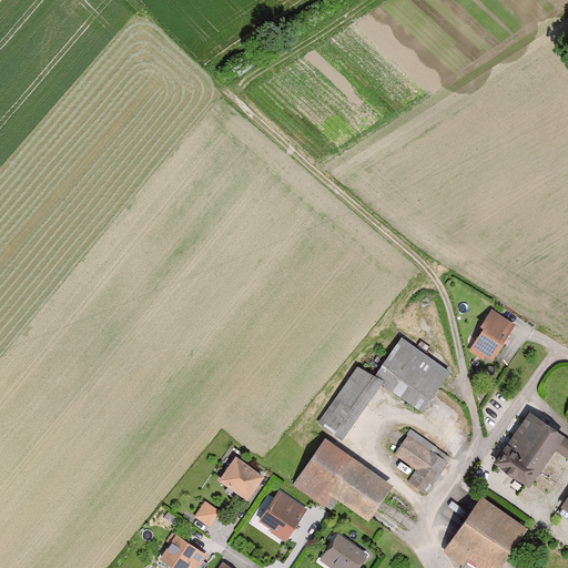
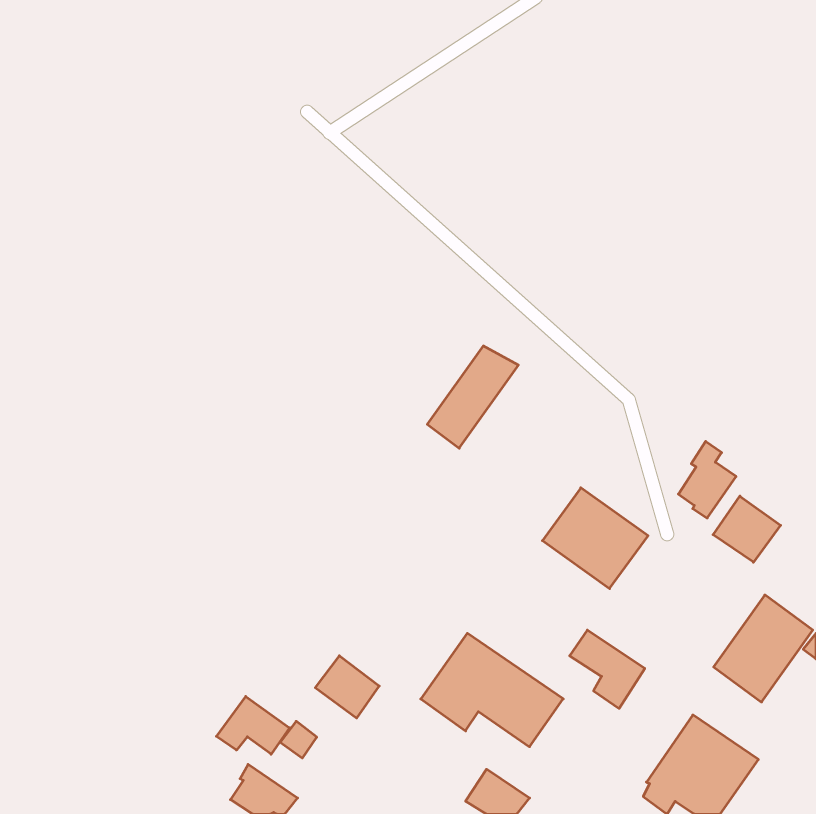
building: none -> [713,496,781,562]
building: [318,368,382,439] -> [427,346,518,448]
building: none -> [216,696,290,754]
building: [258,490,305,537] -> none

